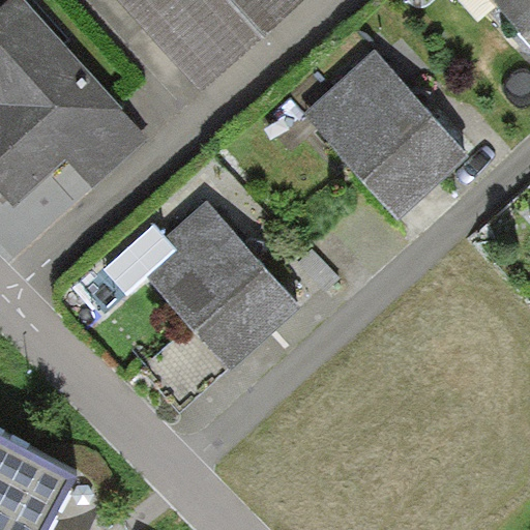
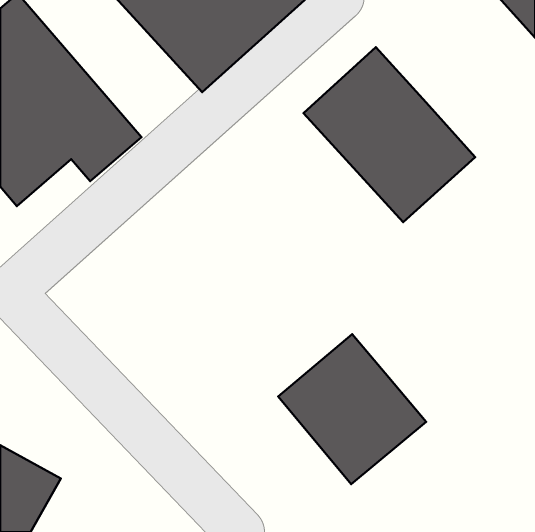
building: [150,193,305,371] -> none
building: none -> [278,334,426,484]

